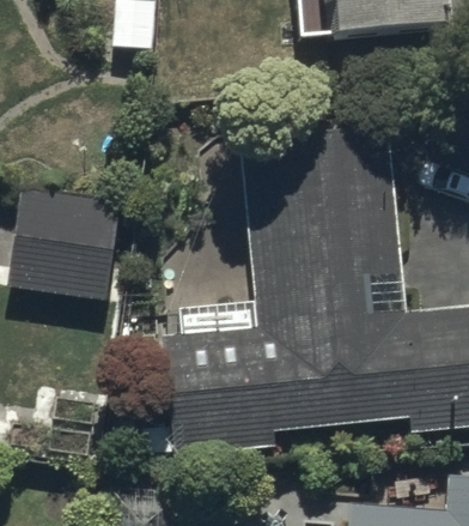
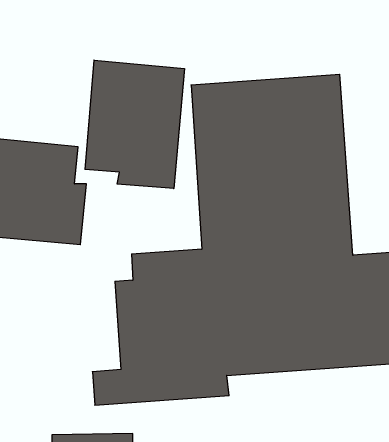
building: none -> [85,60,184,189]

